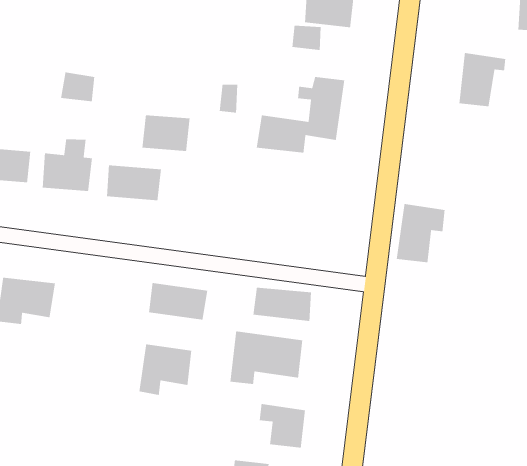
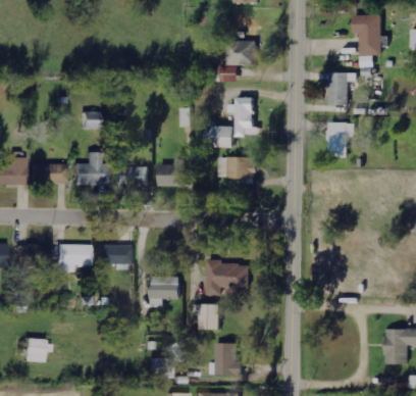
building: [141,114,191,152] -> [157,163,186,186]
building: none -> [217,156,254,178]
building: [396,203,446,263] -> [326,121,354,157]
building: [148,282,208,321] -> [95,244,131,264]
building: [253,287,312,322] -> none
building: [259,403,306,448] -> [191,303,219,329]

